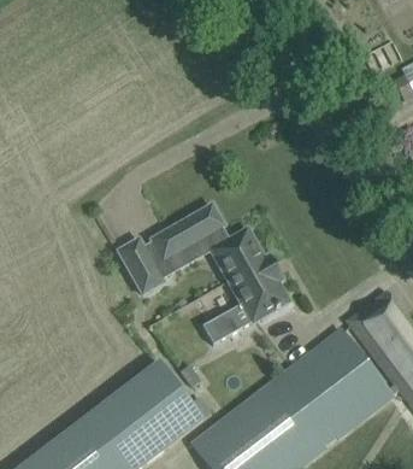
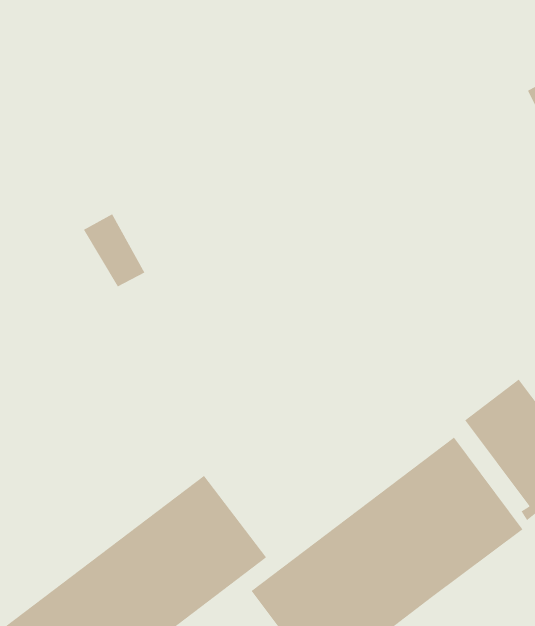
building: [152,204,289,342] -> none
building: [118,238,164,292] -> [83,213,146,288]

